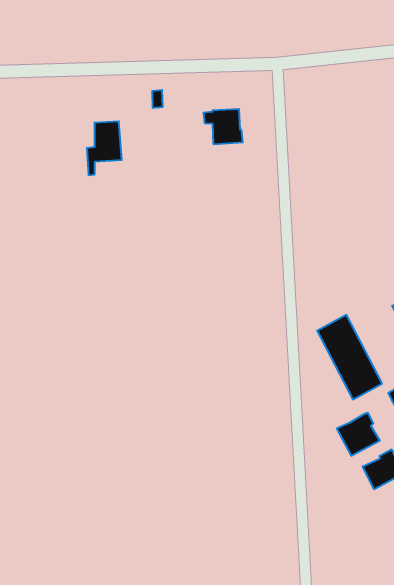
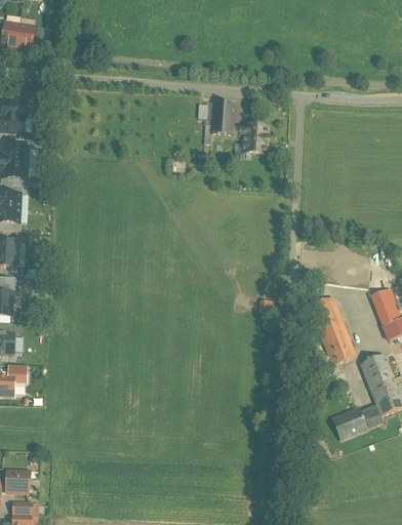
building: [87,121,122,175] -> [205,102,234,143]
building: [337,413,380,456] -> none

